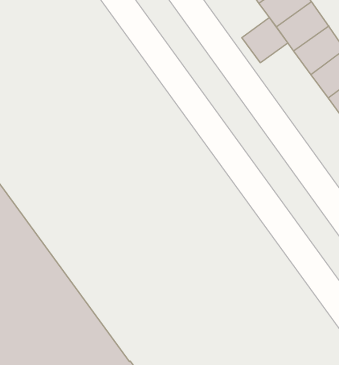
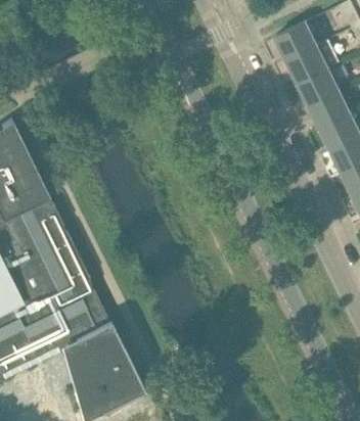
building: [242,18,288,63] -> none

